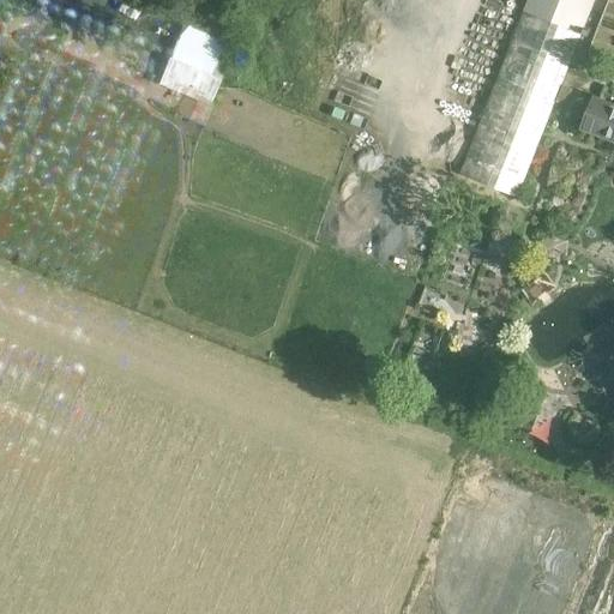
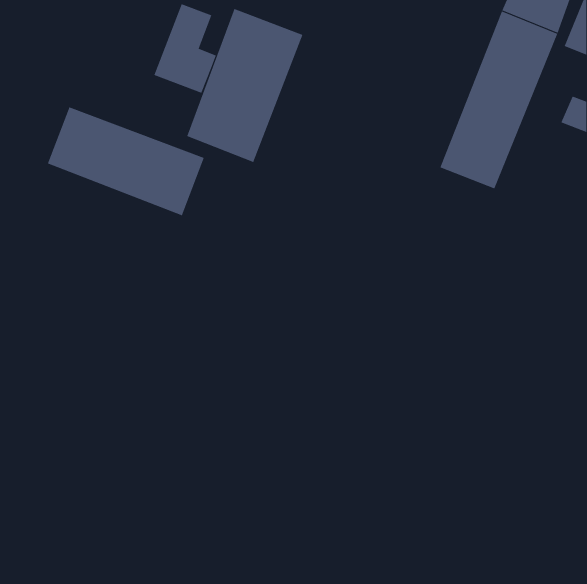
building: none -> [187,8,303,163]
building: none -> [47,107,204,216]

